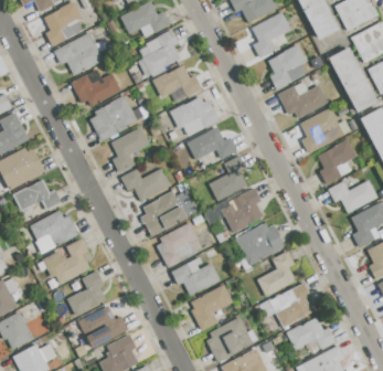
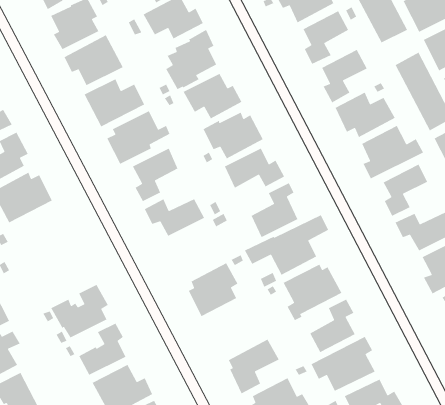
building: [12,179,61,211] -> none
building: [140,190,196,235] -> none
building: [30,209,79,253] -> none
building: [171,256,220,295] -> none

